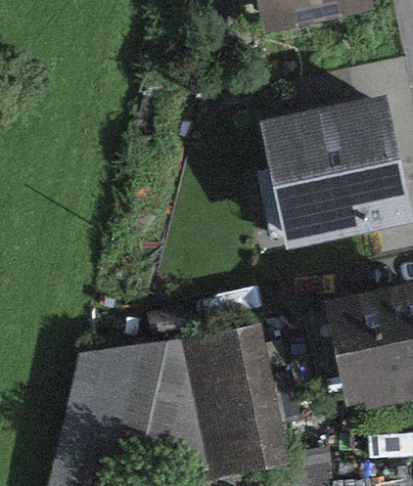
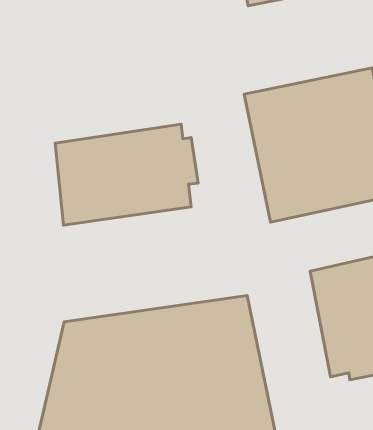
building: none -> [55,124,198,225]

